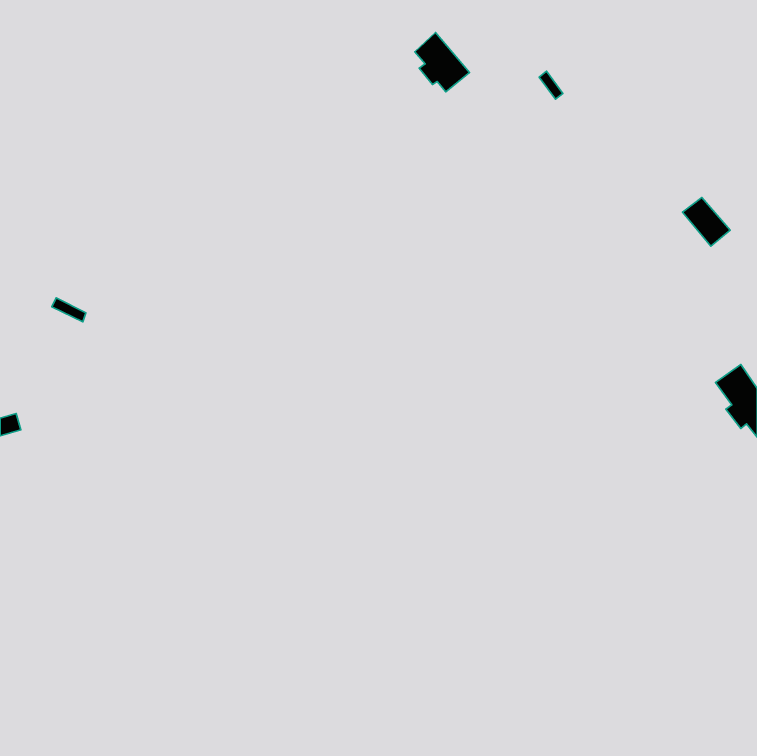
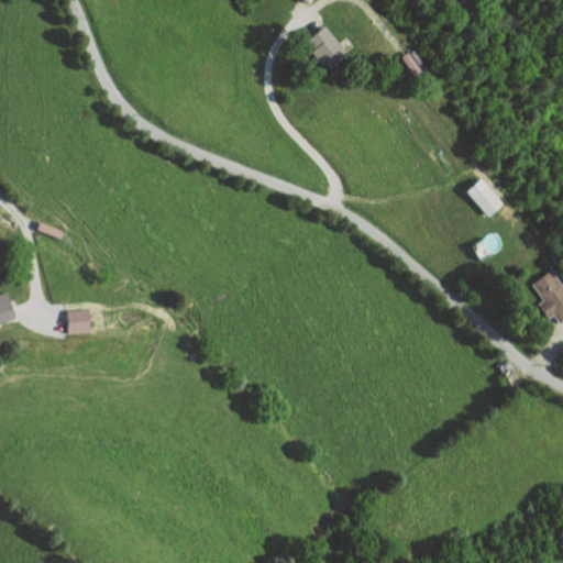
building: [683,197,730,246] -> [467,180,503,217]
building: none -> [67,310,91,334]

